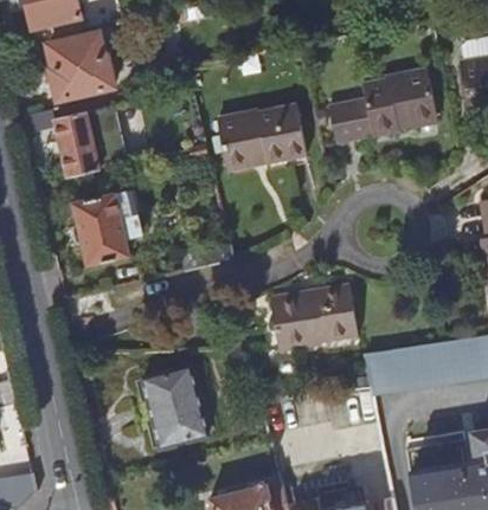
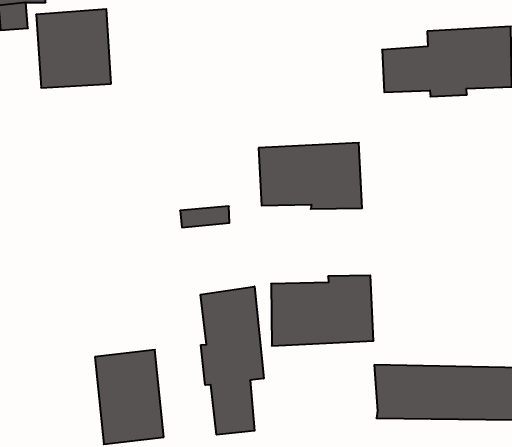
building: [217,96,306,157] -> [259,143,362,209]
building: [73,194,129,266] -> none
building: none -> [201,286,264,435]

